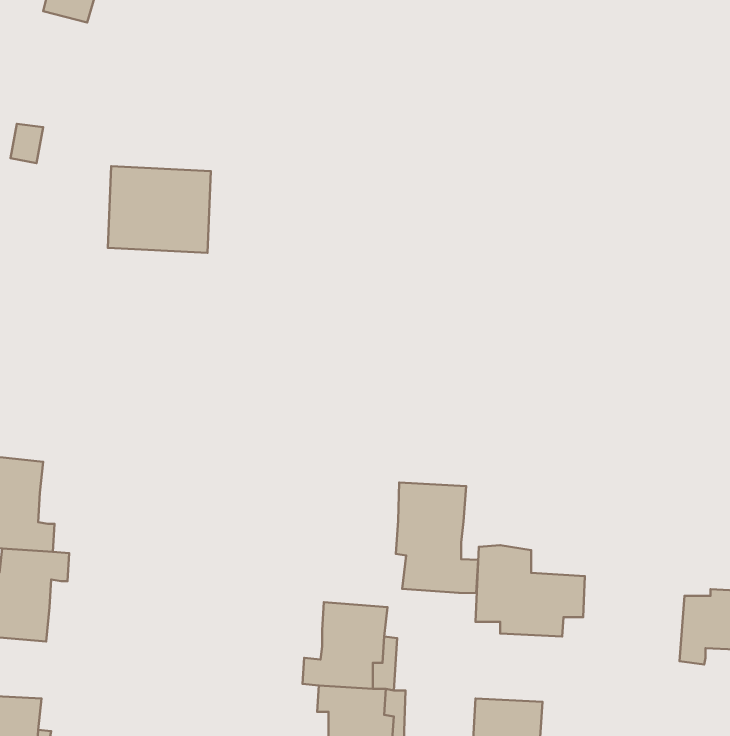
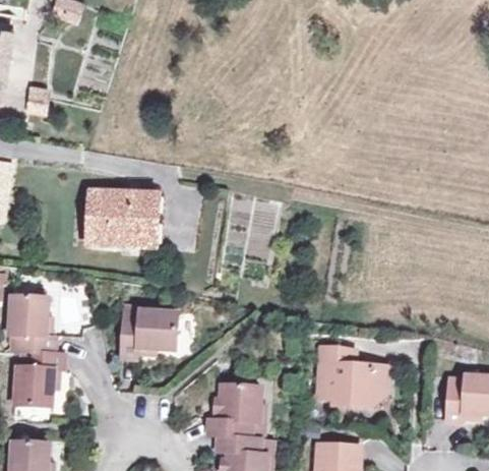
building: [108,166,211,253] -> [90,191,155,245]
building: [396,483,478,593] -> none
building: none -> [118,309,176,357]

